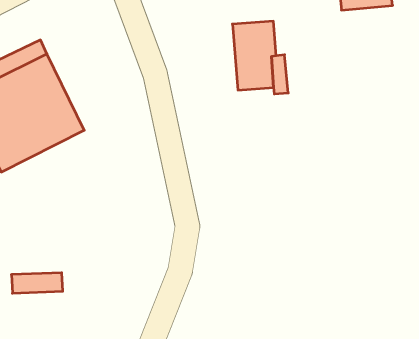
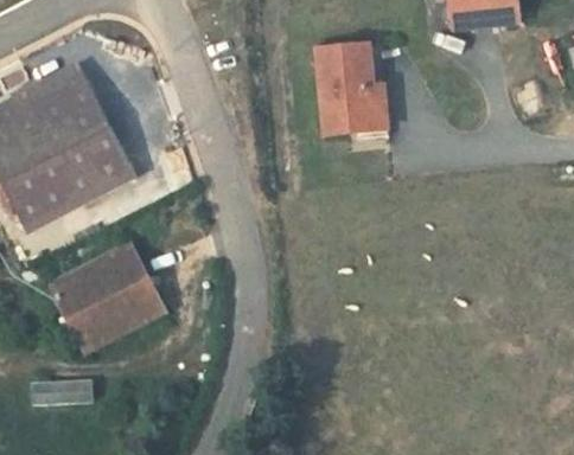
building: none -> [45,249,158,354]

